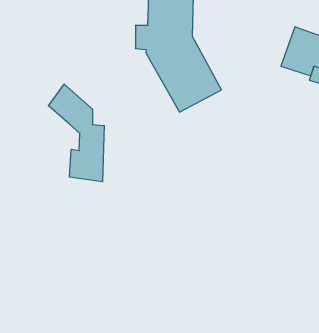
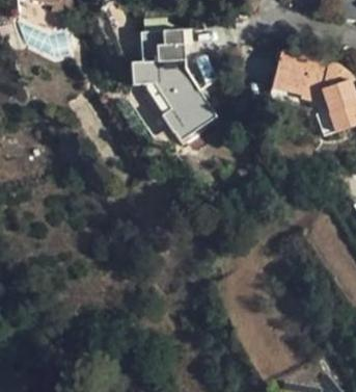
building: [48,84,104,182] -> none

